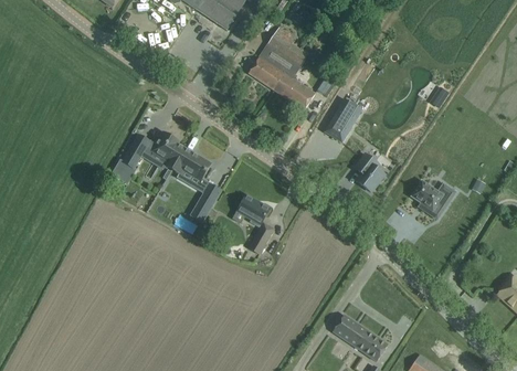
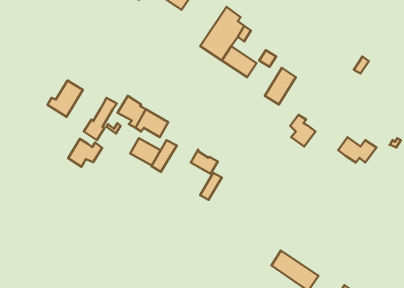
building: none -> [48,80,83,117]
building: none -> [130,138,160,166]
building: none -> [68,139,102,167]

